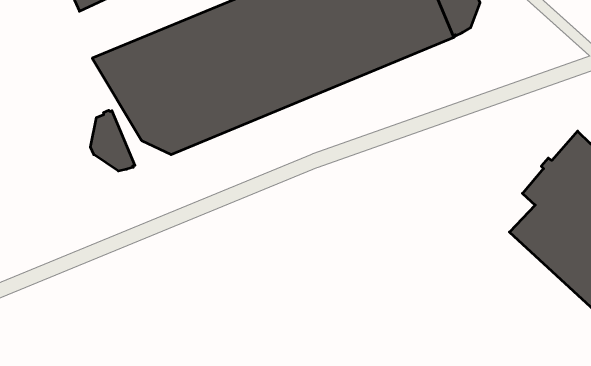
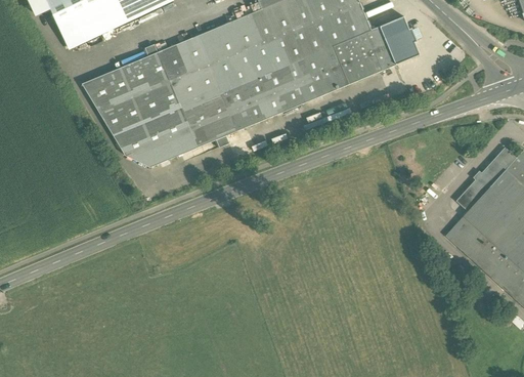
building: [90,110,135,171] -> none

